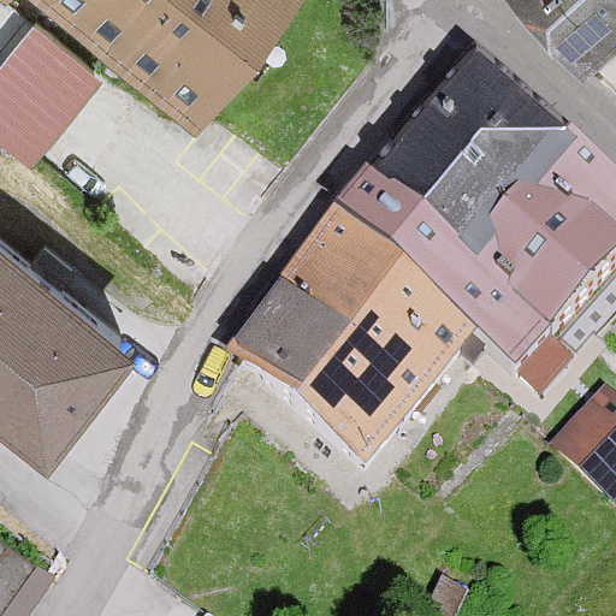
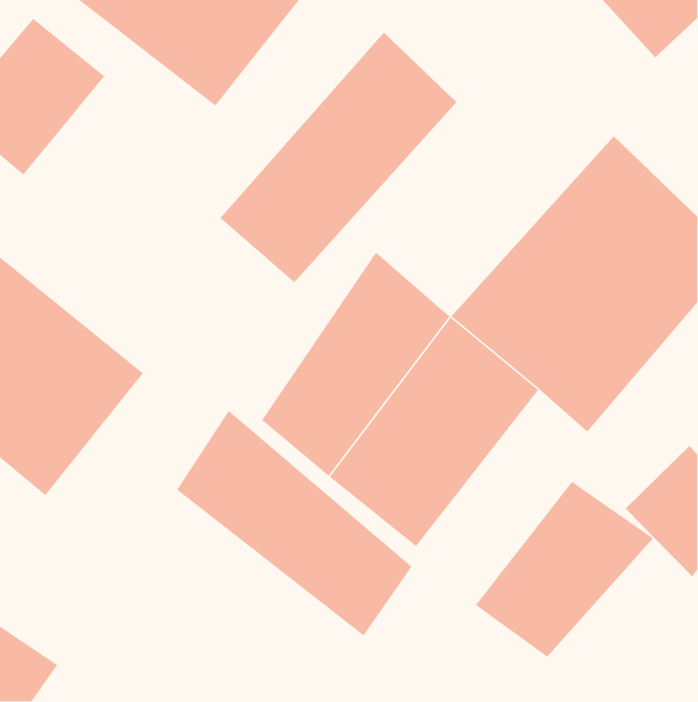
building: [327,57,534,276] -> [219,32,457,283]
building: none -> [176,410,412,636]
building: none -> [475,481,654,658]

